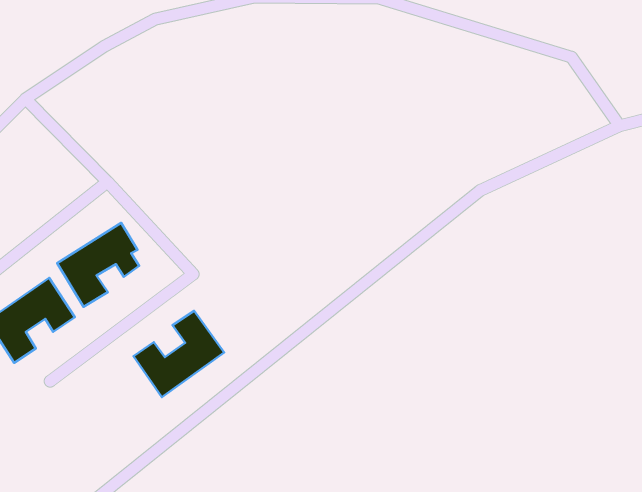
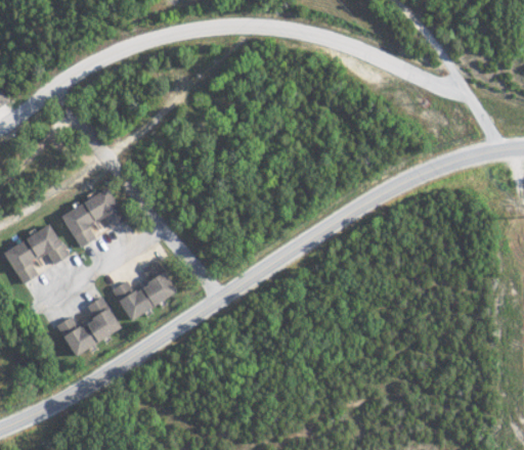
building: none -> [56,295,124,358]

